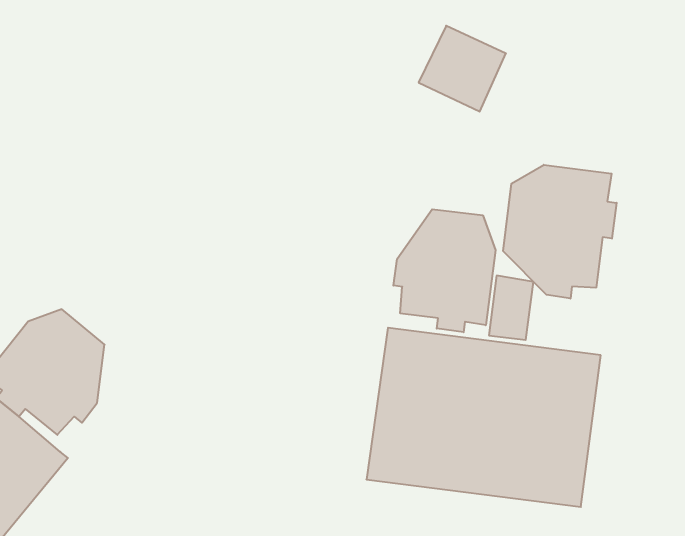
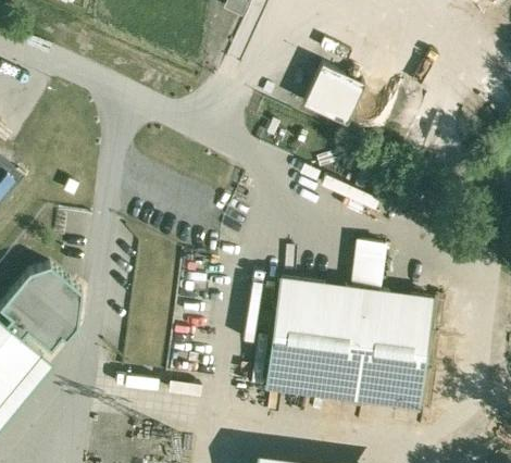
building: [503,165,617,299] -> none
building: [393,209,496,332] -> none

